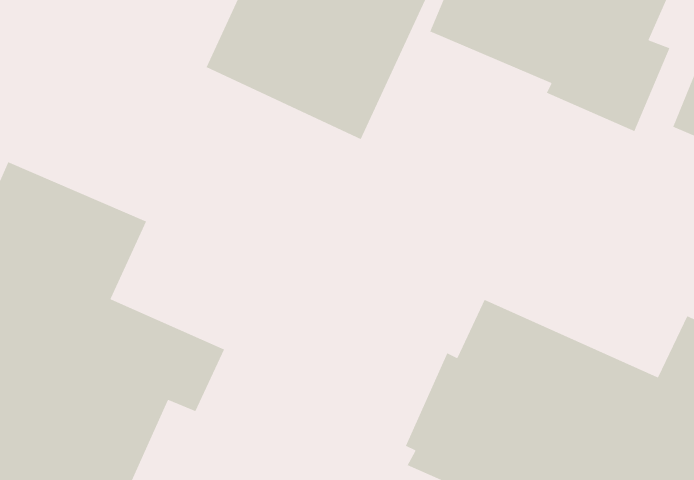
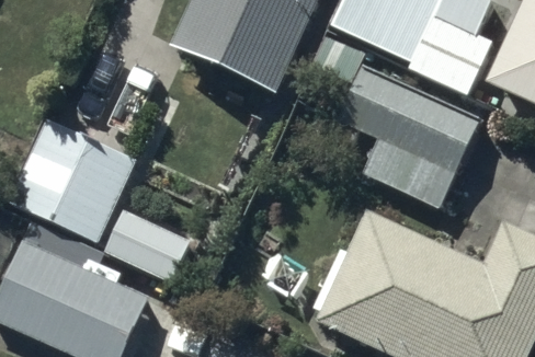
building: none -> [332,65,476,205]

